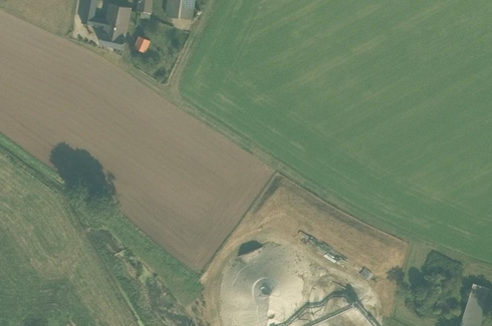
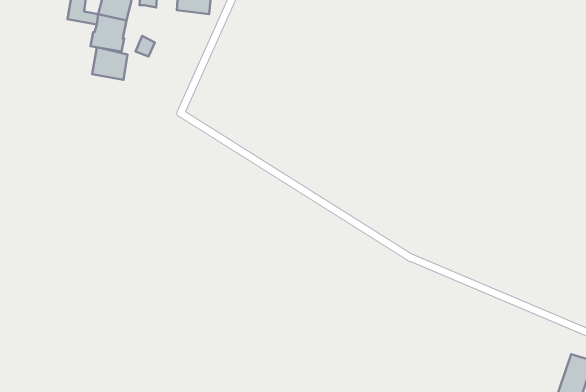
building: none -> [92,47,128,80]

